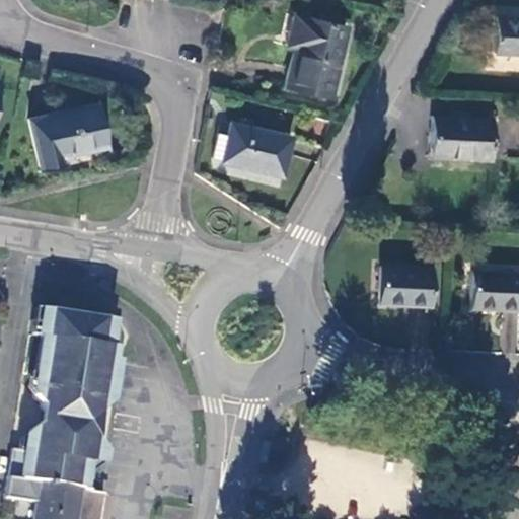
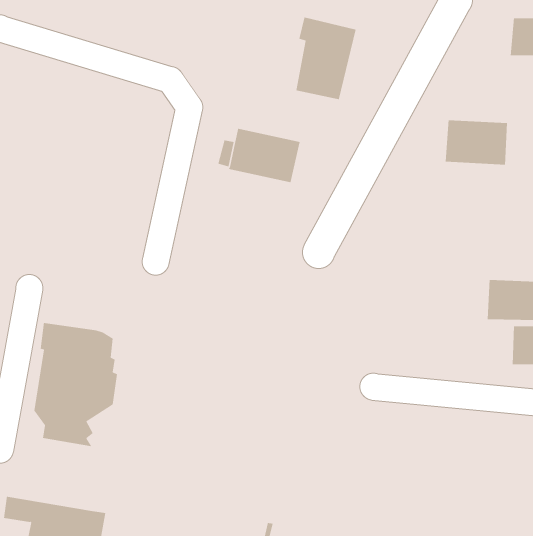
building: [31,103,110,173] -> none
building: [381,268,435,306] -> none
building: [10,424,105,494] -> none

